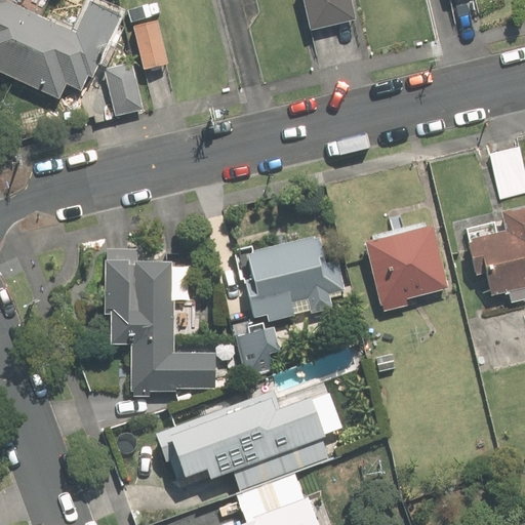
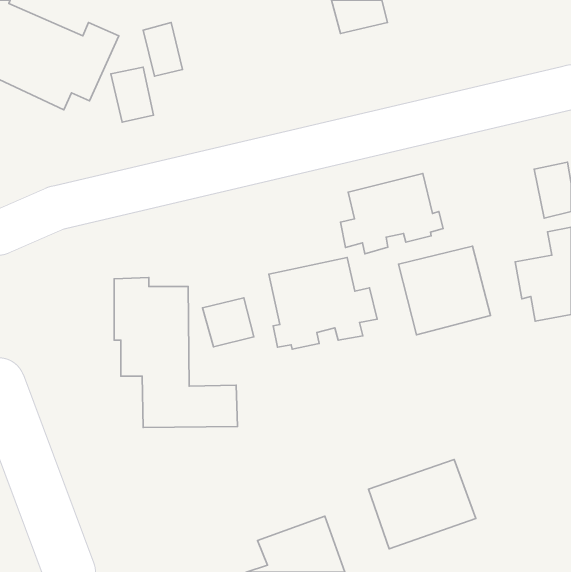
building: none -> [340,173,443,254]
building: [236,327,283,372] -> [202,298,254,347]
building: [156,391,332,489] -> none
building: none -> [368,459,476,549]

